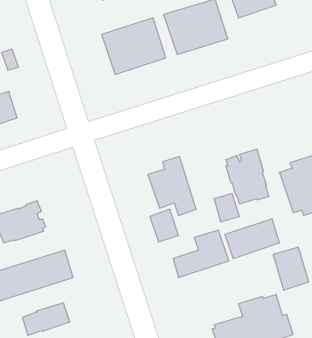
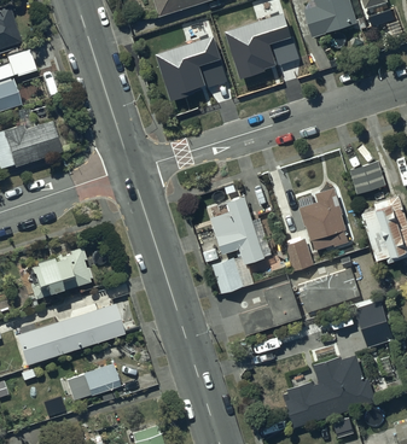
building: none -> [350,162,388,194]

